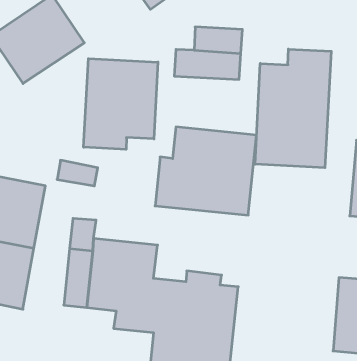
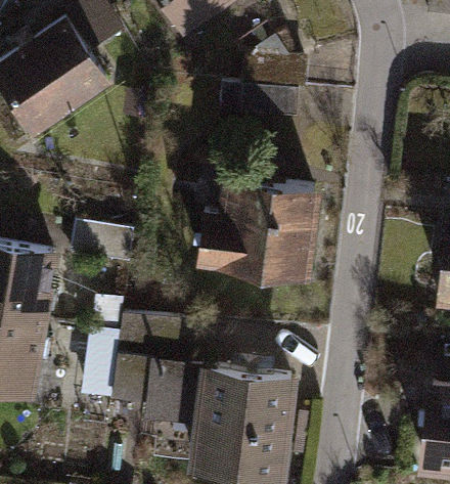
building: [255,49,331,168] -> none
building: [84,59,158,149] -> none

